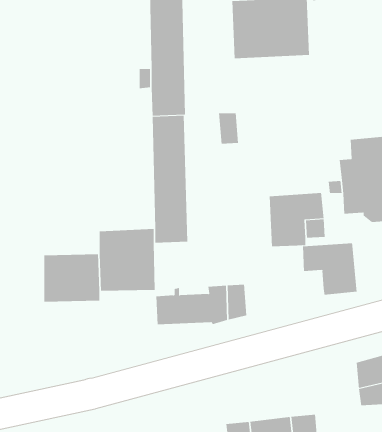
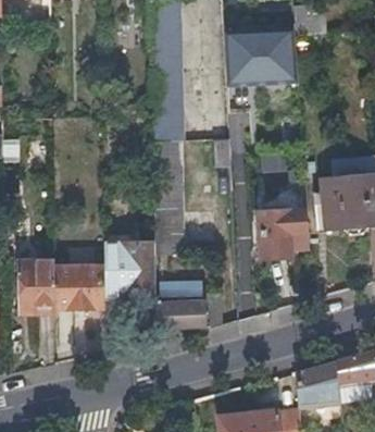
building: [302,242,357,296] -> none
building: none -> [18,258,54,310]
building: none -> [296,361,339,405]

